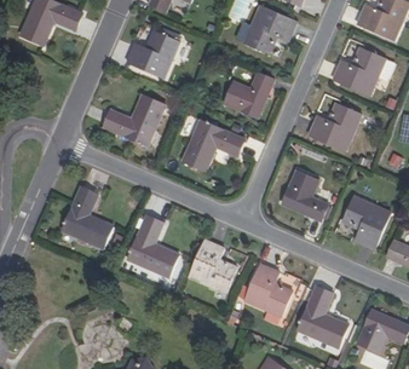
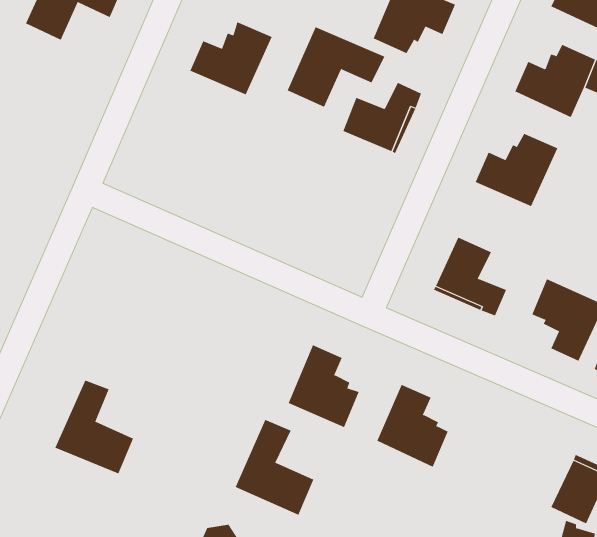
building: [102,93,163,144] -> none
building: [182,119,244,171] -> [287,26,385,108]
building: [62,188,113,248] -> [55,380,134,474]
building: [127,215,178,277] -> [235,419,314,515]
building: [296,286,346,346] -> none

